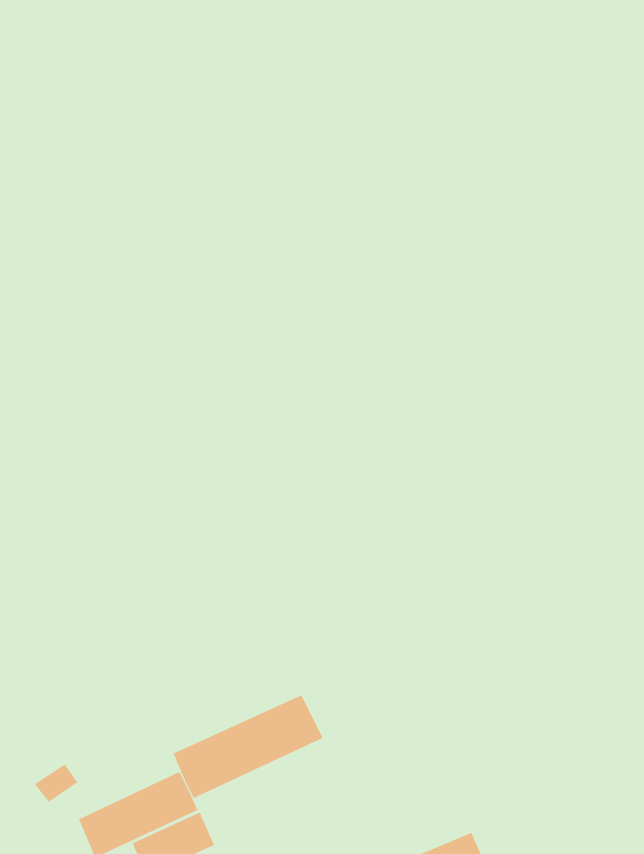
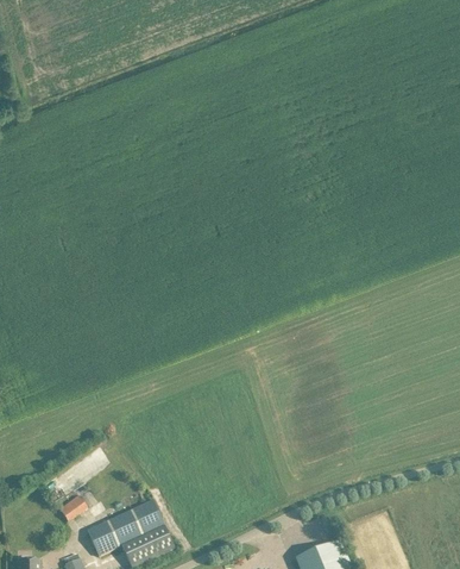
building: [173,694,324,799] -> none

